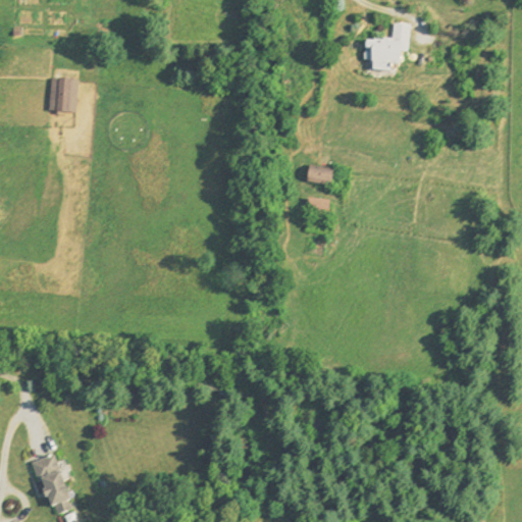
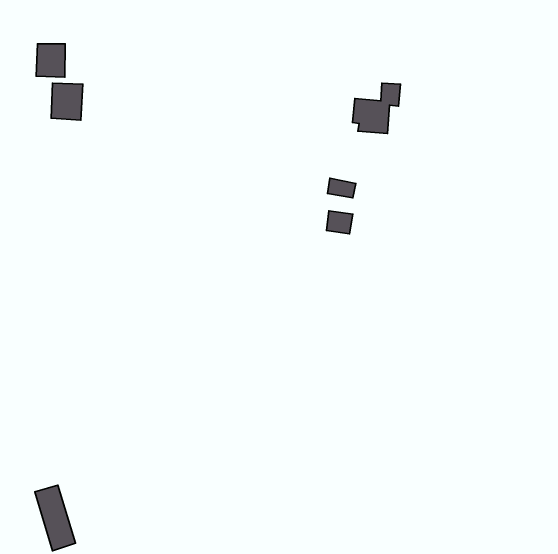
building: [365,22,410,69] -> [352,83,401,133]
building: none -> [36,44,65,77]

